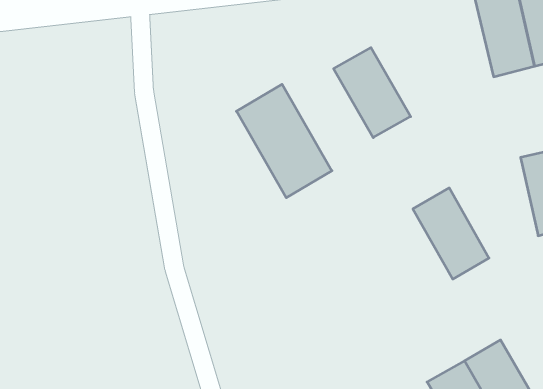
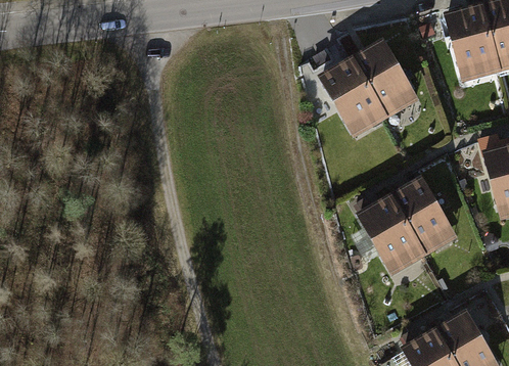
building: none -> [353,37,419,116]
building: [236,84,332,198] -> none
building: none -> [357,196,424,275]

